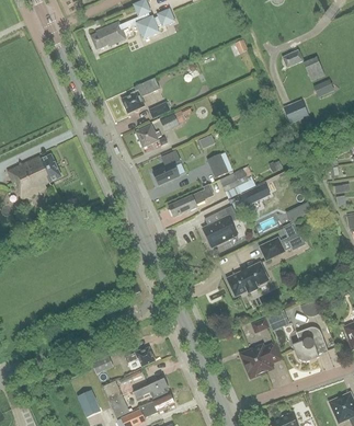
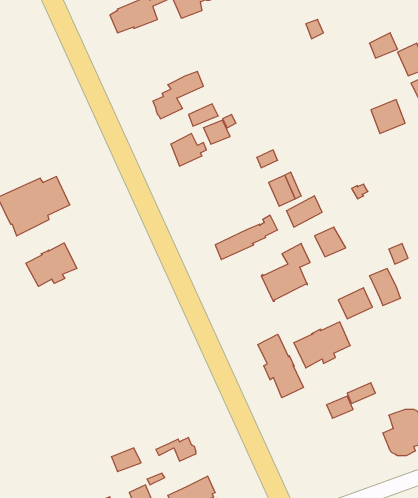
building: [153,150,181,185] -> none
building: none -> [26,243,77,286]
building: none -> [258,334,304,398]
building: [242,342,283,376] -> none

